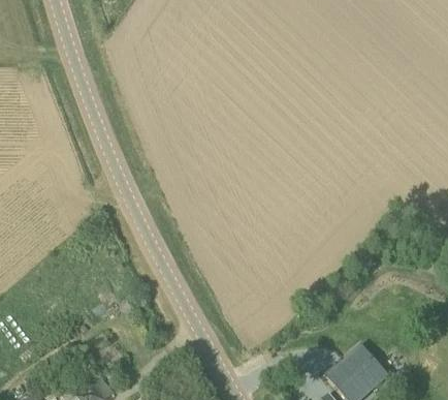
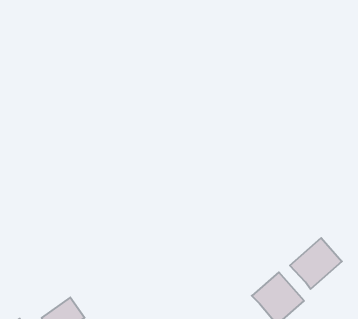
building: none -> [290,238,342,289]

